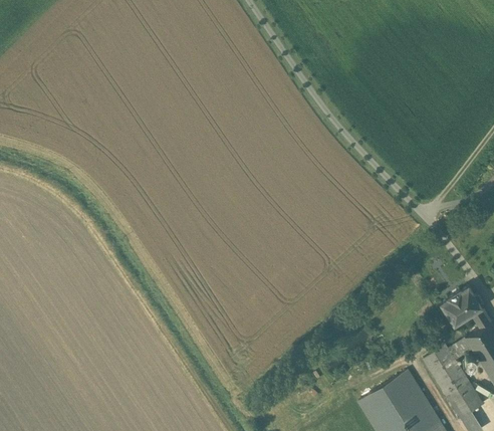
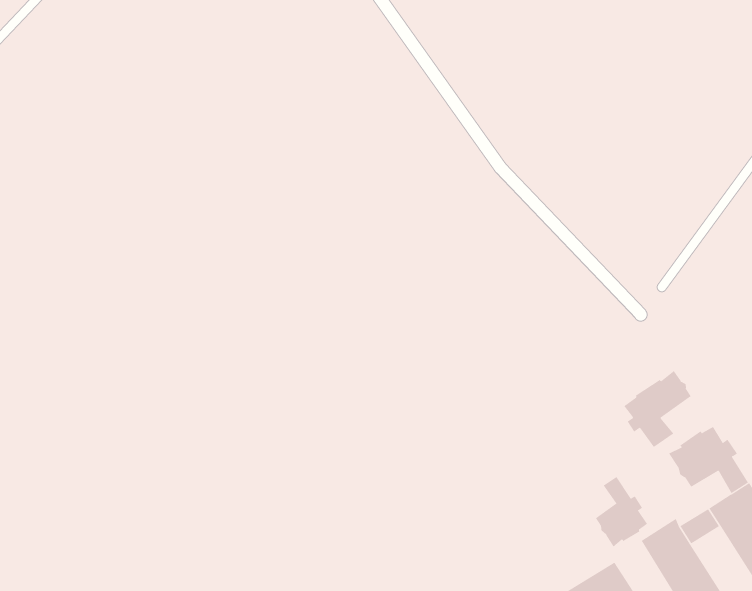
building: none -> [623,370,691,448]
building: none -> [595,476,648,548]

